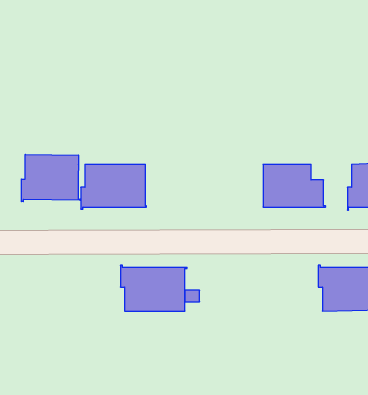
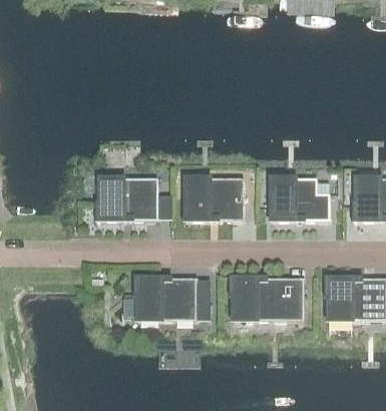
building: [21,154,80,202] -> none
building: none -> [185,177,245,219]
building: none -> [229,275,305,319]

